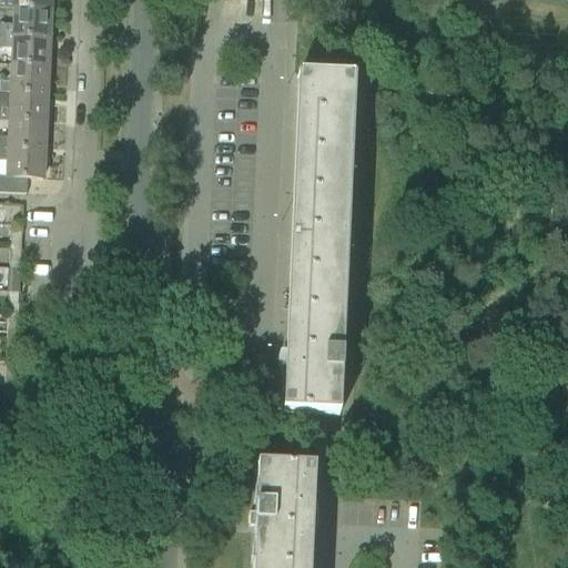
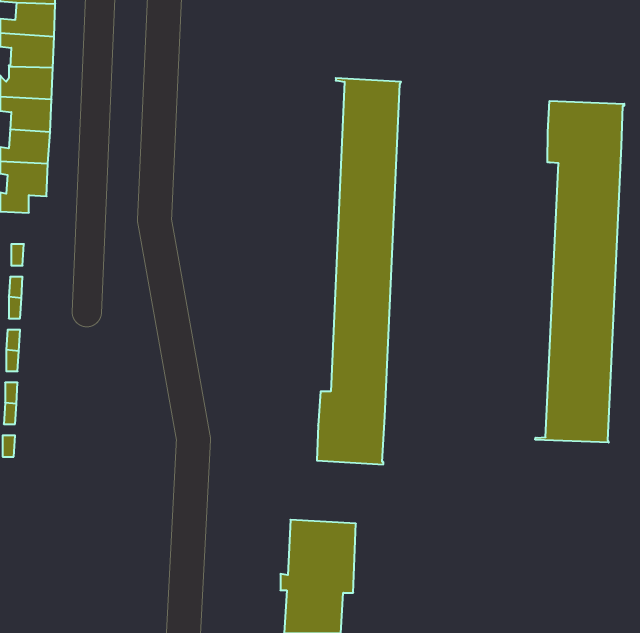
building: none -> [535,101,624,443]

